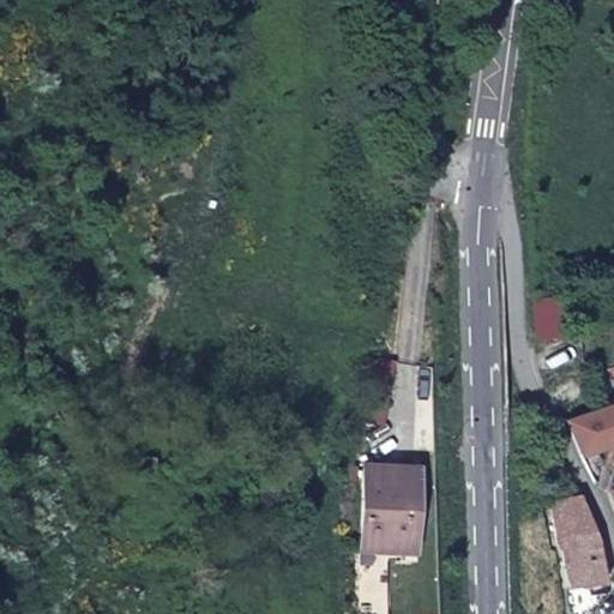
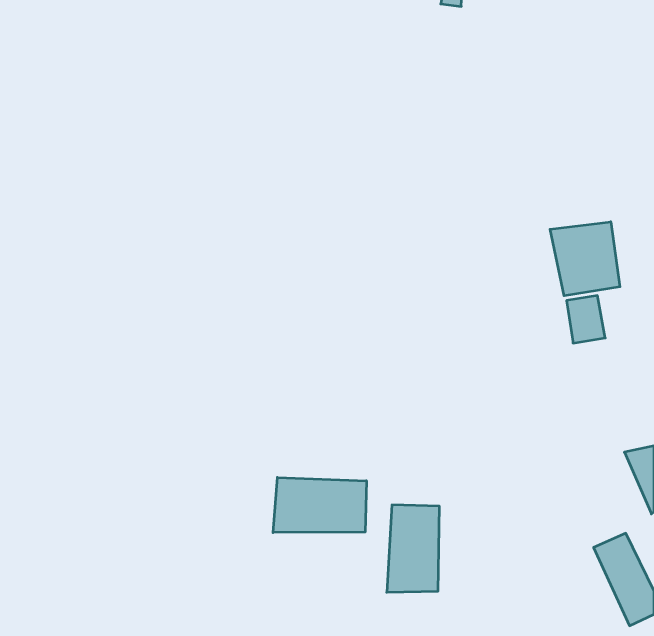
building: none -> [550,222,620,296]
building: none -> [273,477,366,533]

